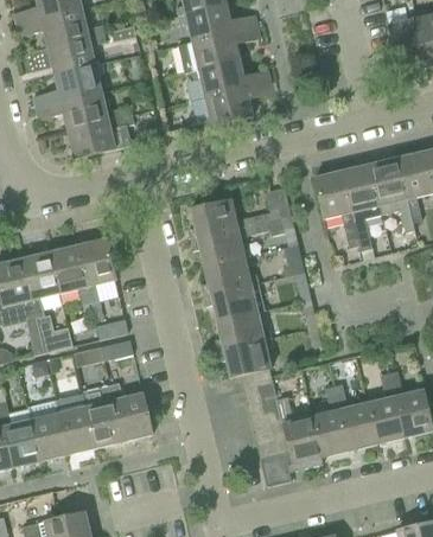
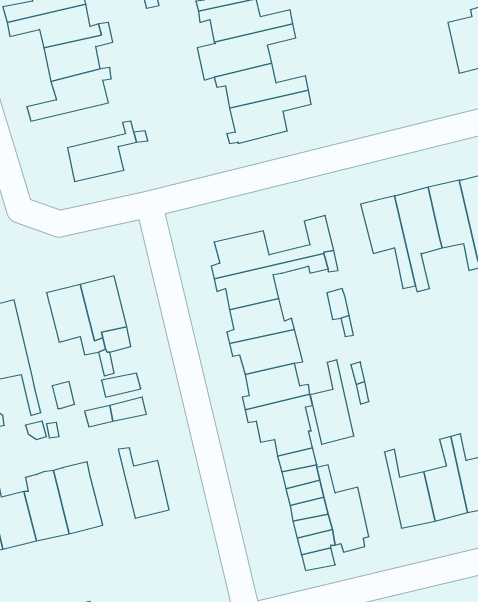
building: [36,91,115,129] -> none
building: [21,251,59,317] -> none
building: [82,383,123,447] -> none
building: [311,385,348,456] -> [310,360,354,444]

